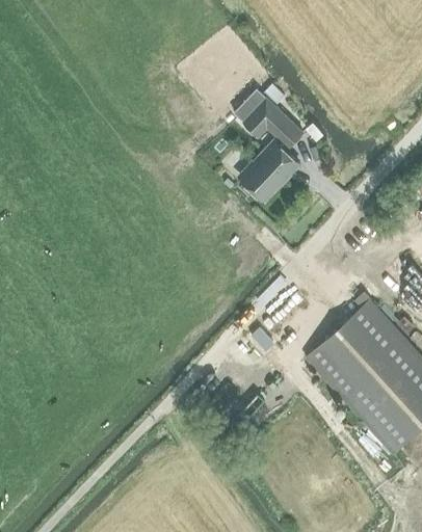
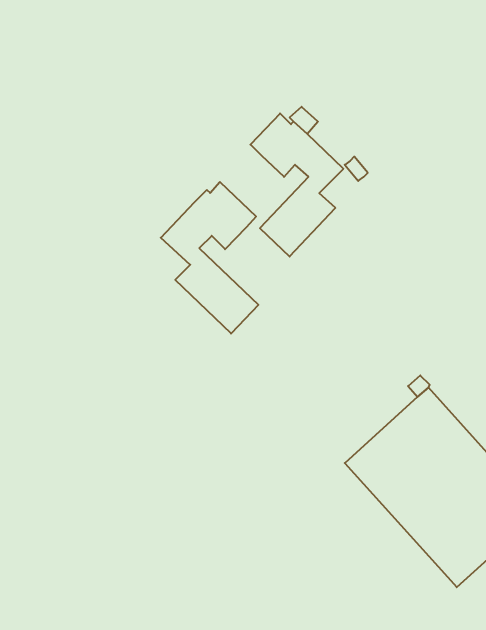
building: none -> [161,182,258,334]

